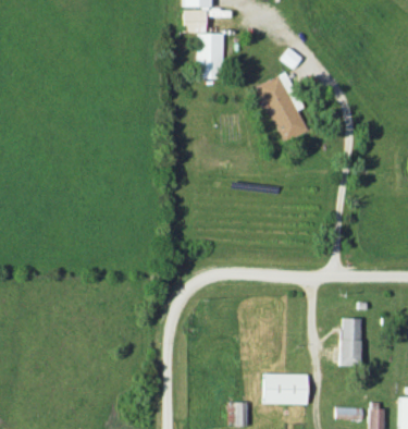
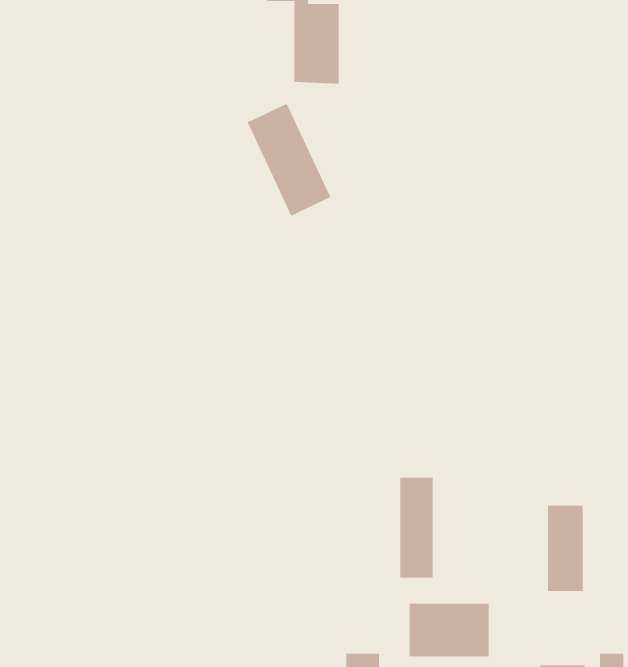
building: [259,78,307,143] -> [247,103,331,216]
building: none -> [400,477,433,578]

